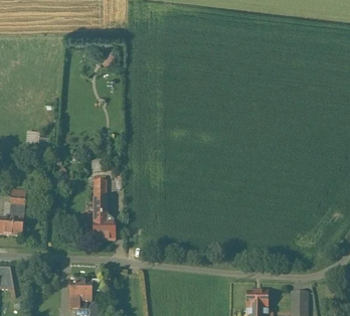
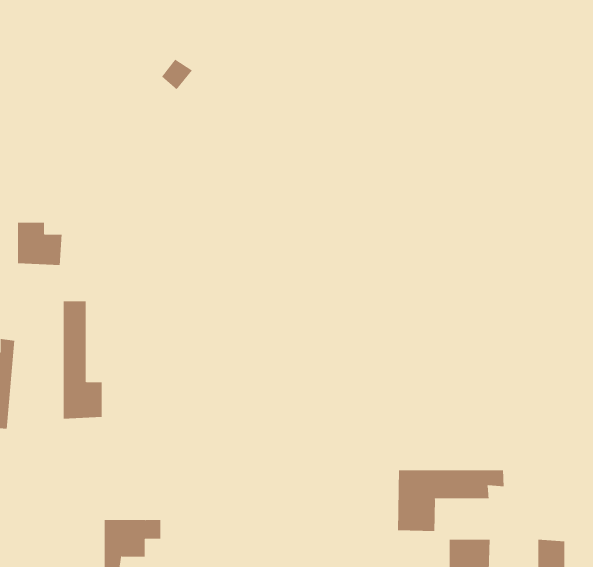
building: [94,179,114,240] -> [63,301,102,419]
building: none -> [397,470,504,532]

